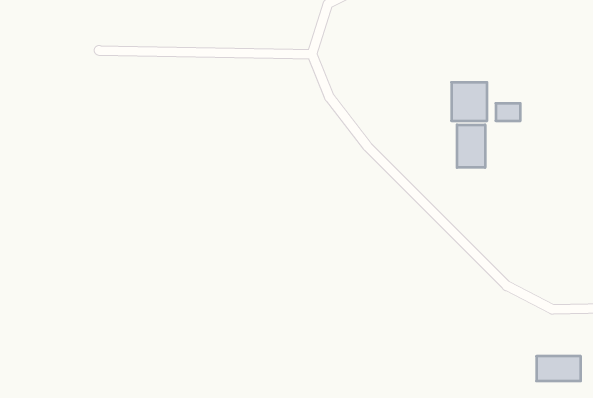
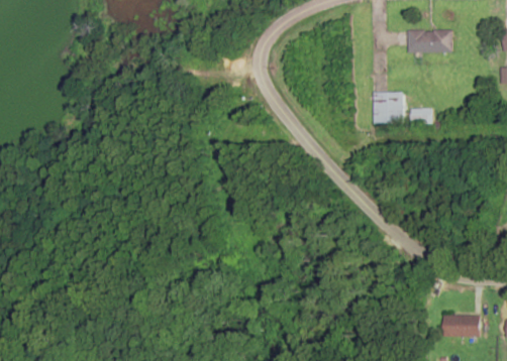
building: none -> [407,29,452,52]
building: [457,125,485,168] -> none

